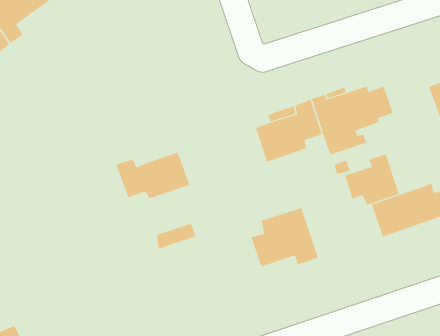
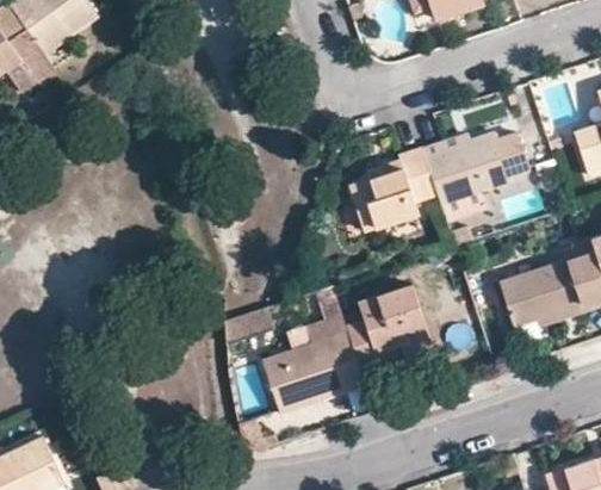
building: [115,152,190,199] -> none
building: [344,154,399,206] -> none
building: none -> [264,311,365,411]

